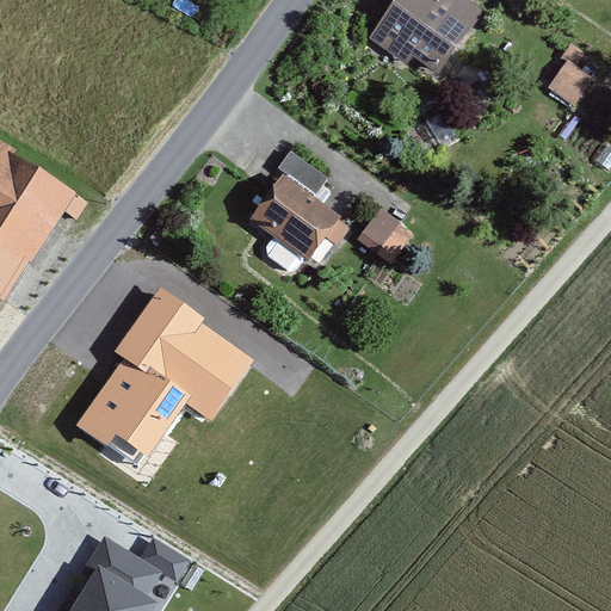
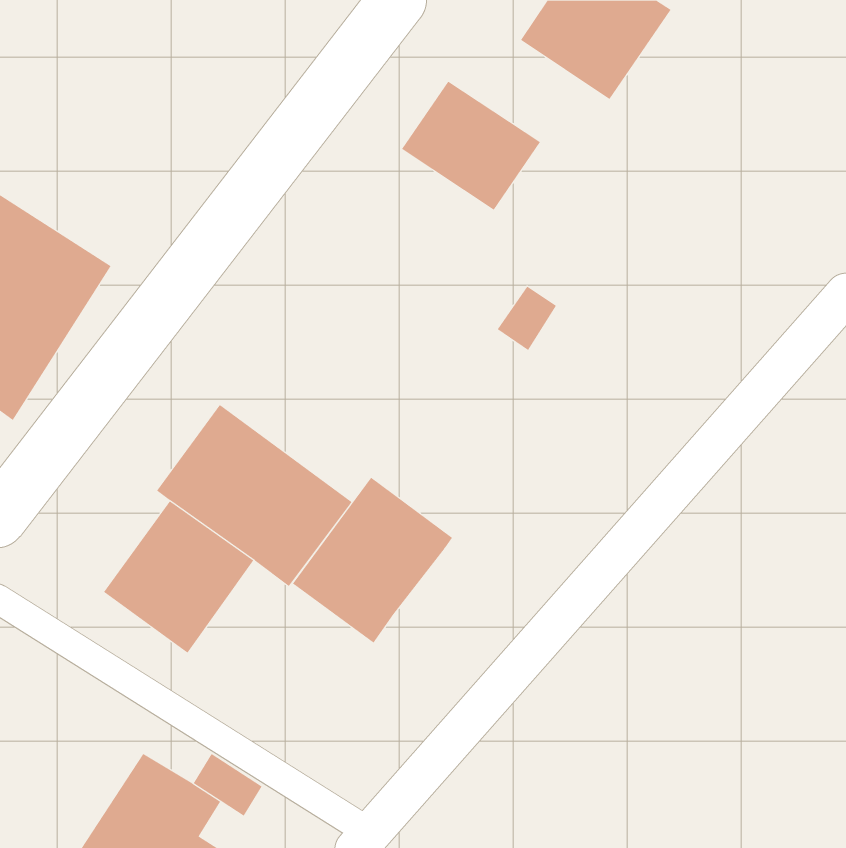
building: [543,42,593,105] -> none
building: [246,169,346,263] -> [401,81,541,210]
building: none -> [292,477,453,643]

